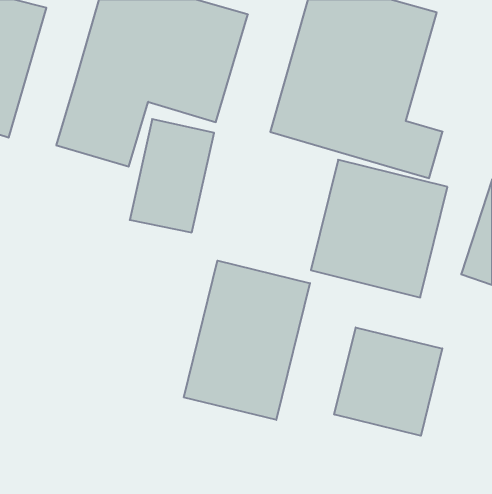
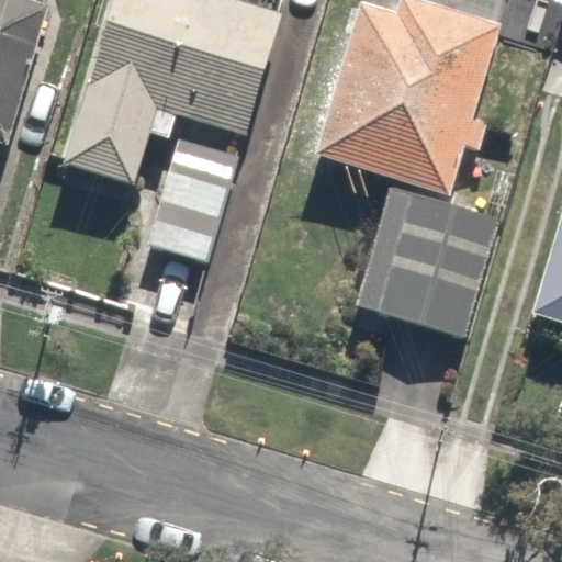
building: [184,261,310,420] -> none
building: [334,327,442,436] -> none

